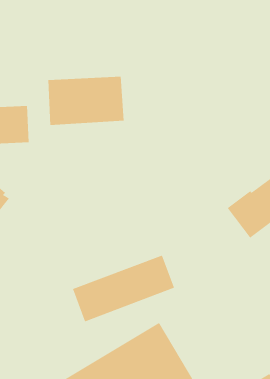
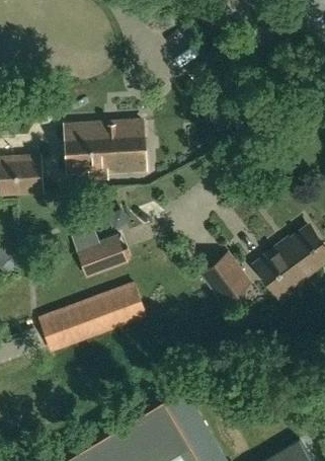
building: none -> [70,224,129,278]
building: none -> [199,251,252,305]
building: [72,255,175,322] -> [38,282,148,354]

